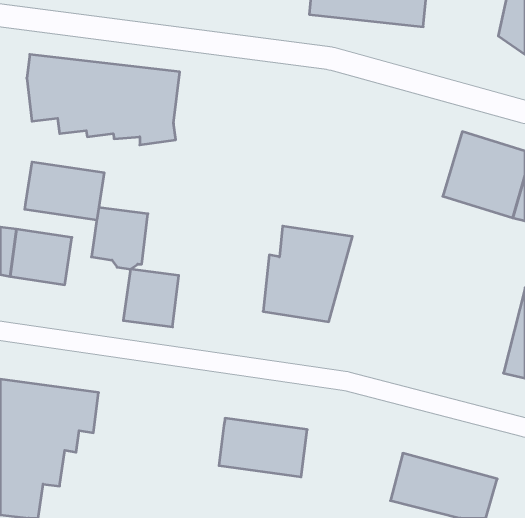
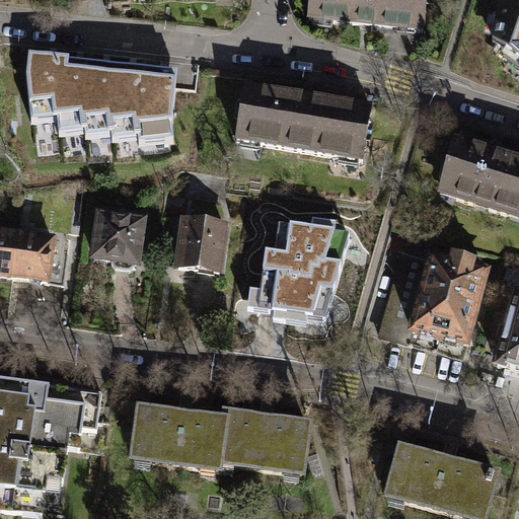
building: none -> [233,84,367,156]
building: [25,162,104,220] -> none
building: none -> [411,254,490,350]
building: [123,269,179,327] -> [174,214,229,271]
building: none -> [130,409,221,467]

